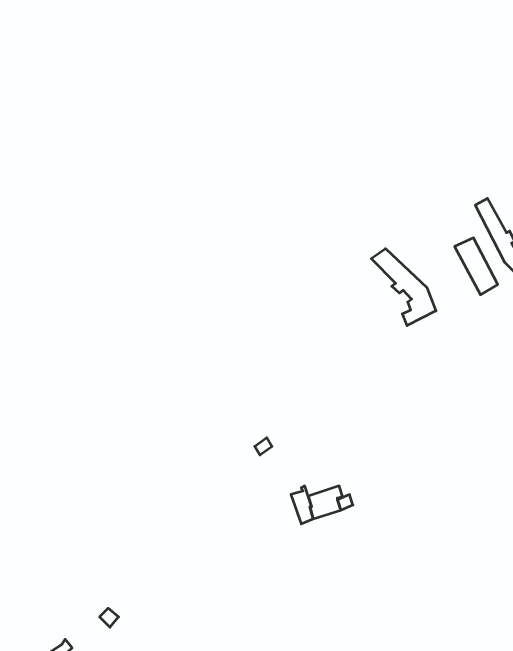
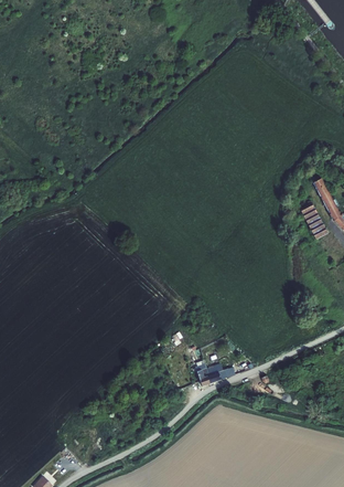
building: [371,249,436,326] -> none

